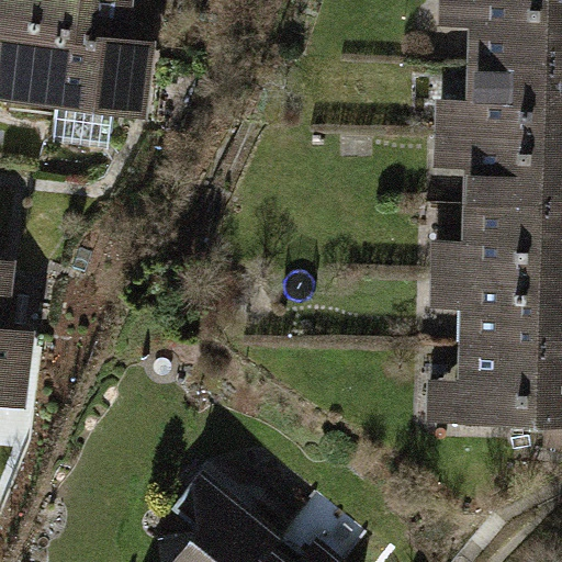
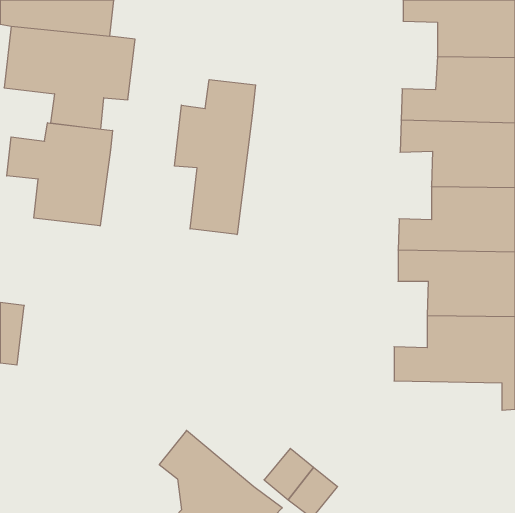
building: none -> [175,80,256,235]
building: none -> [7,123,113,226]

